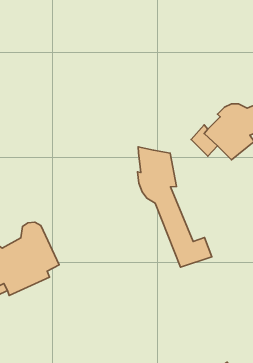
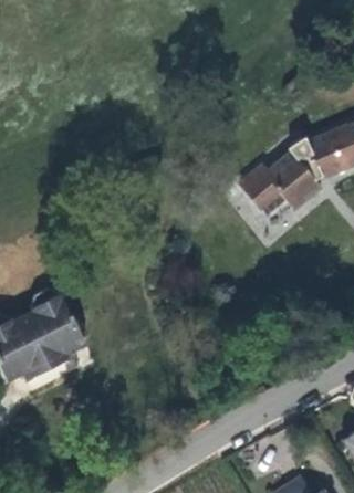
building: [138,147,212,267] -> none

